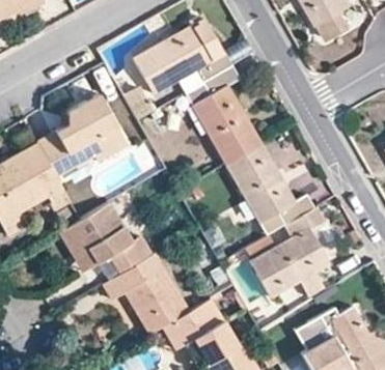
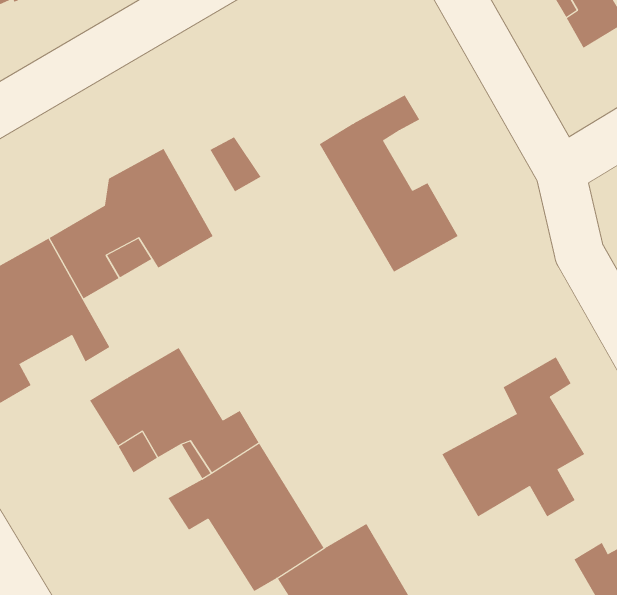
building: [134,20,230,92] -> none
building: [224,142,312,234] -> none

